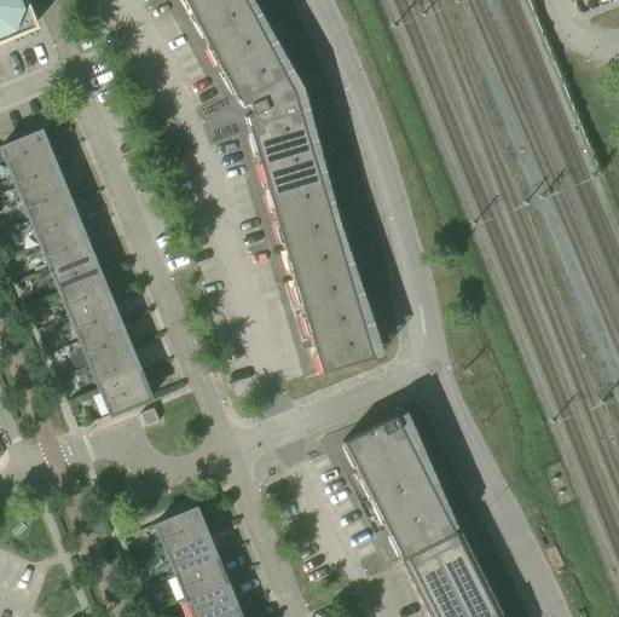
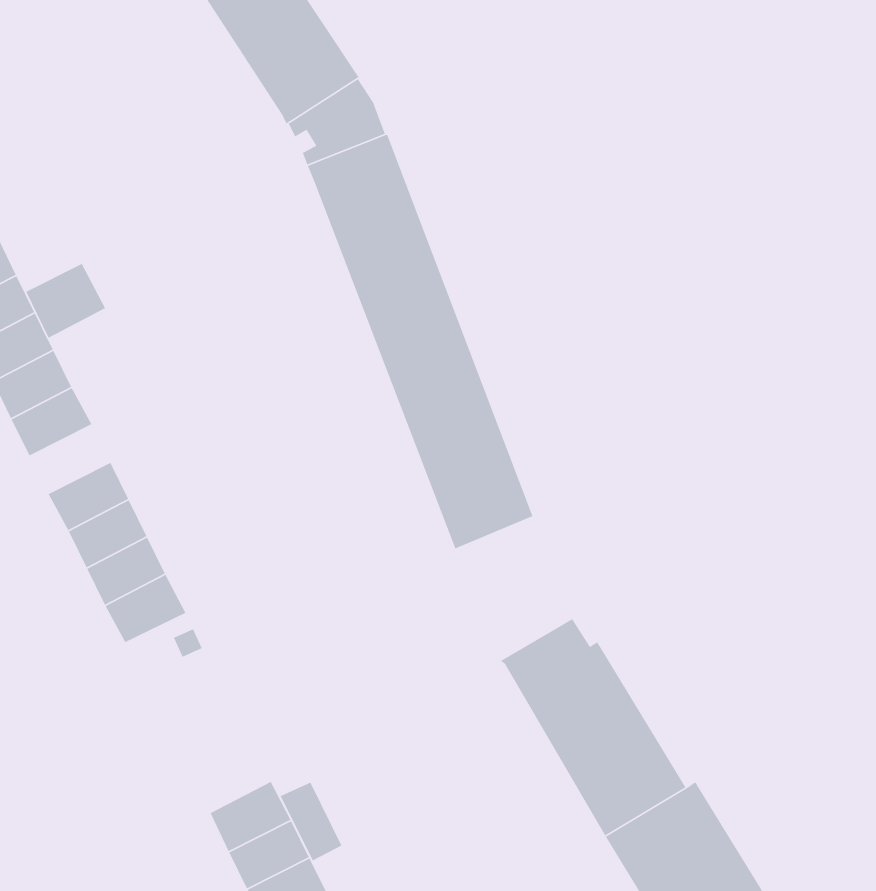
building: none -> [25,263,106,339]
building: [63,277,114,318] -> none
building: none -> [279,781,343,861]

